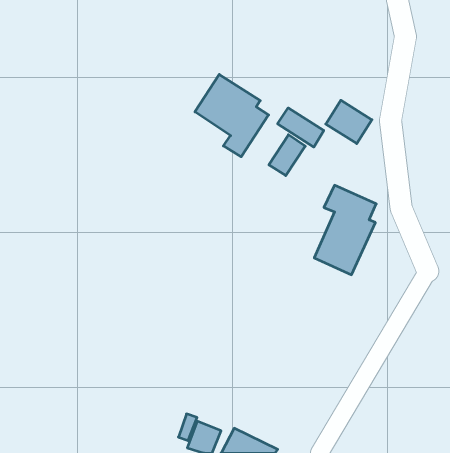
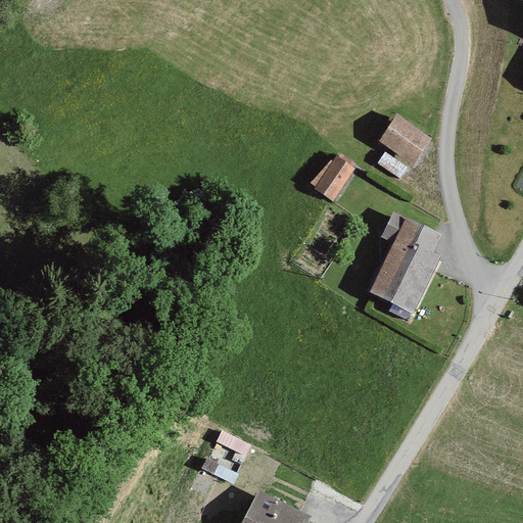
building: [195,74,269,157] -> none
building: [278,108,324,147] -> none

